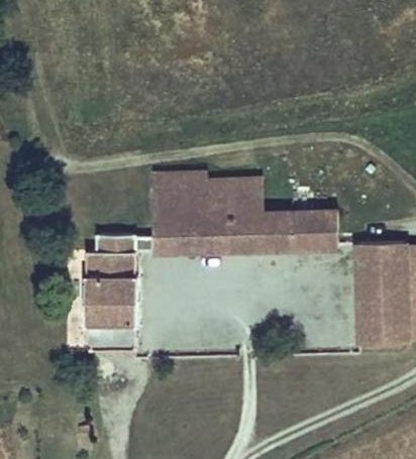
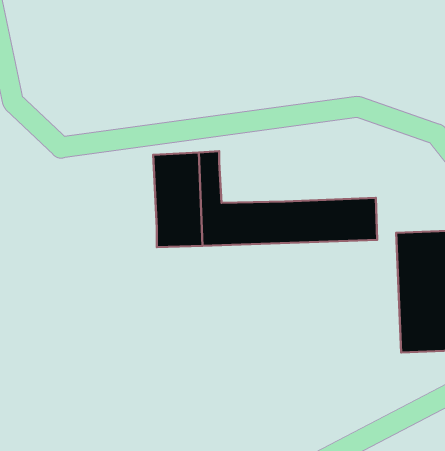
building: [206,180,262,216] -> none
building: [85,235,147,350] -> none

